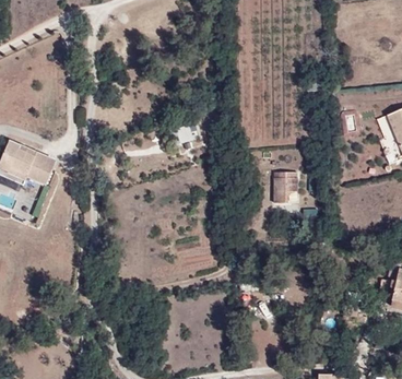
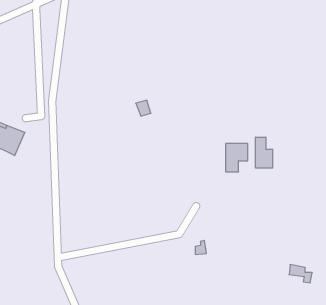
building: none -> [256,137,273,168]

